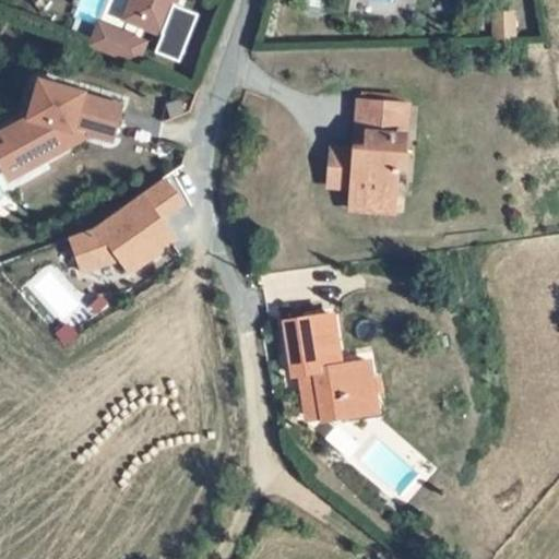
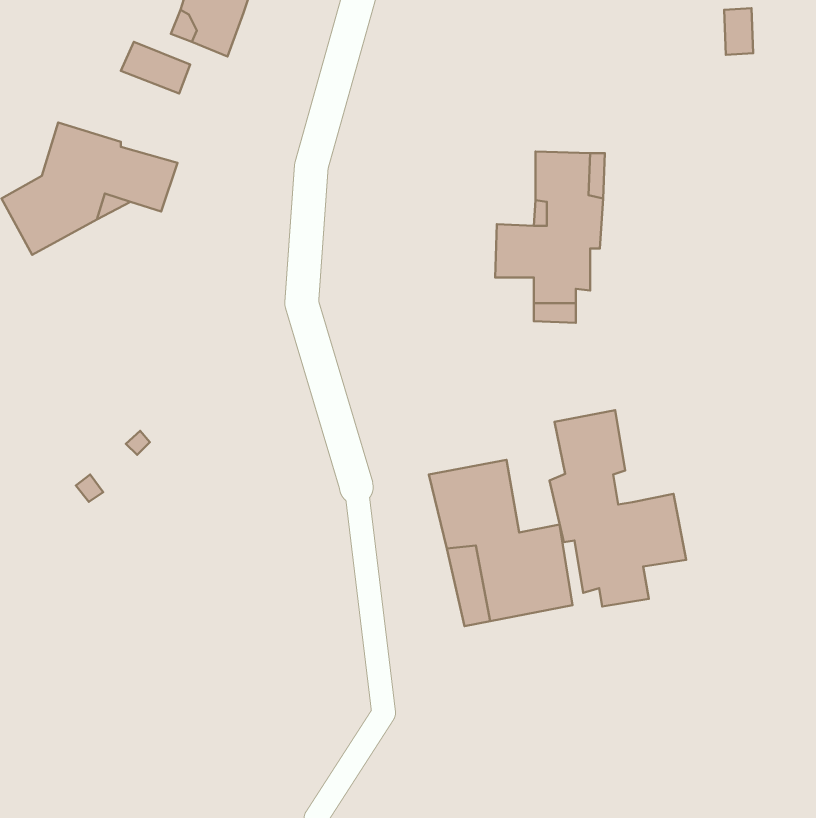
building: [147,9,189,66] -> none
building: [64,175,178,269] -> none
building: none -> [550,410,686,606]

